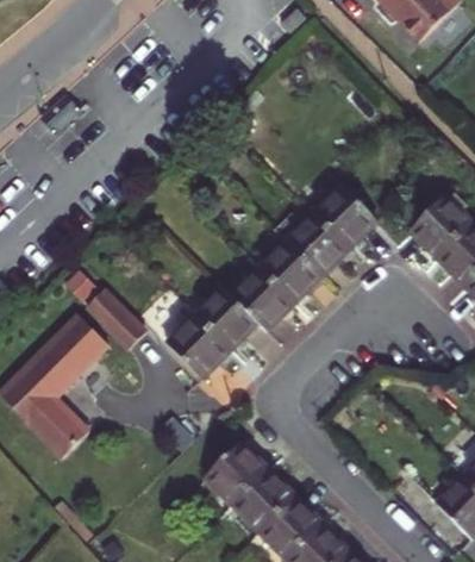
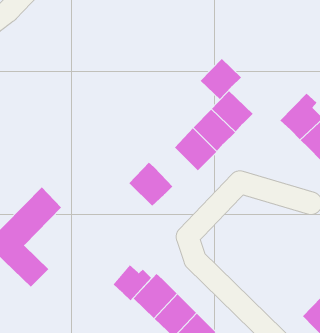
building: none -> [200,58,242,100]
building: [233,264,294,325] -> none
building: [81,294,140,352] -> none
building: [168,314,230,376] -> none
building: none -> [113,264,152,301]

